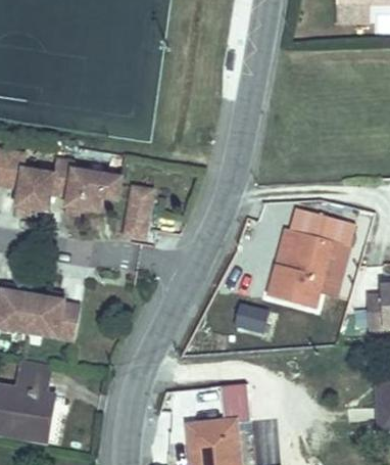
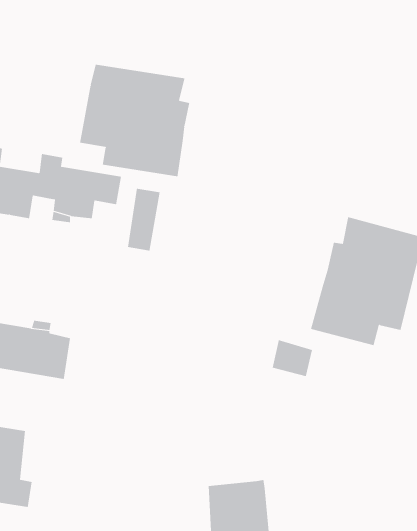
building: none -> [80,64,190,177]
building: [223,385,251,424] -> none

